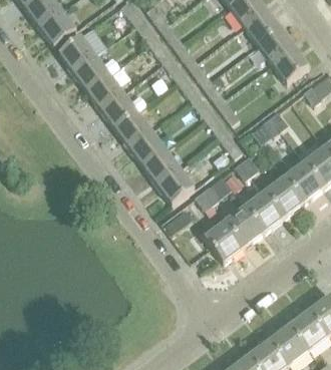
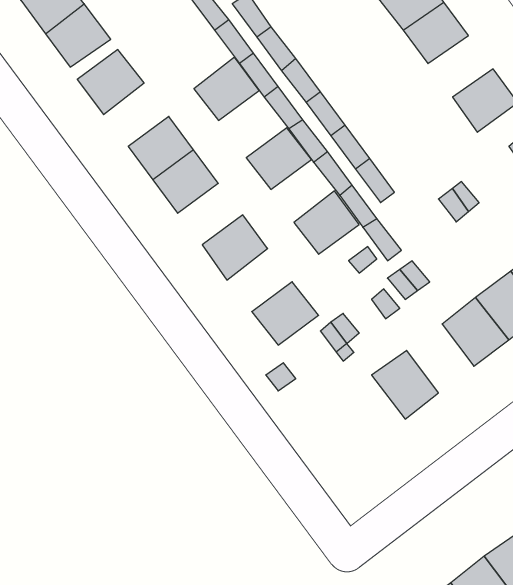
building: [257,28,294,63] -> none
building: [72,55,109,91] -> [194,57,259,120]
building: [114,112,151,147] -> [246,128,311,189]
building: [142,149,180,186] -> [294,191,359,254]
building: [245,193,283,232] -> none
building: [205,222,244,262] -> none

